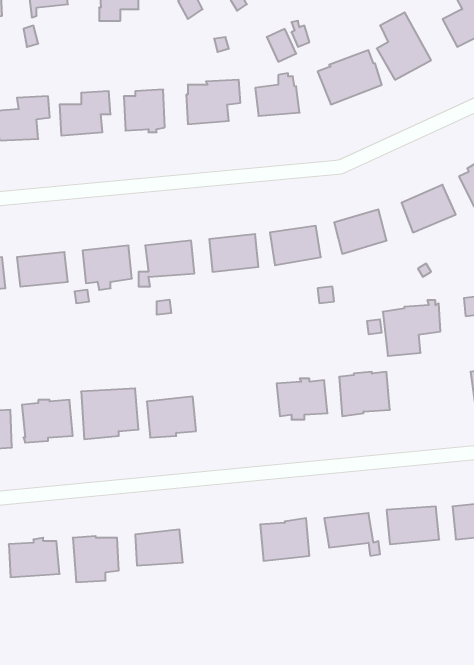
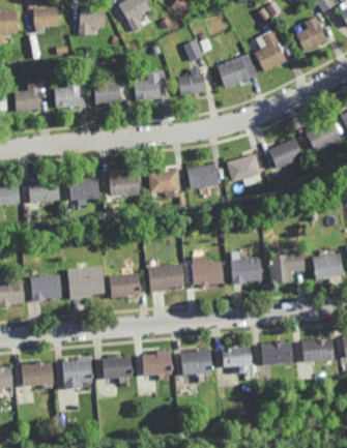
building: [383,300,440,356] -> [268,249,305,285]
building: none -> [147,263,184,293]
building: none -> [142,351,172,375]

